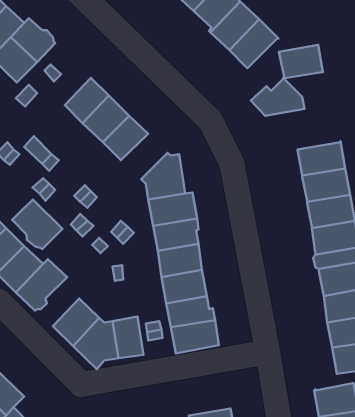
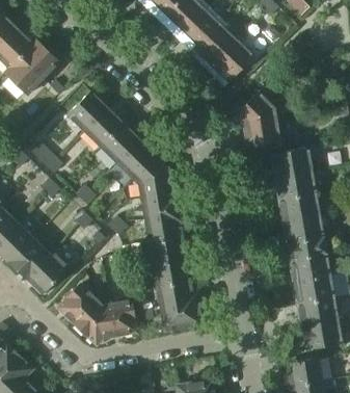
building: [279,45,323,79] -> [242,117,280,148]
building: none -> [116,139,157,179]
building: [12,200,62,249] -> none

